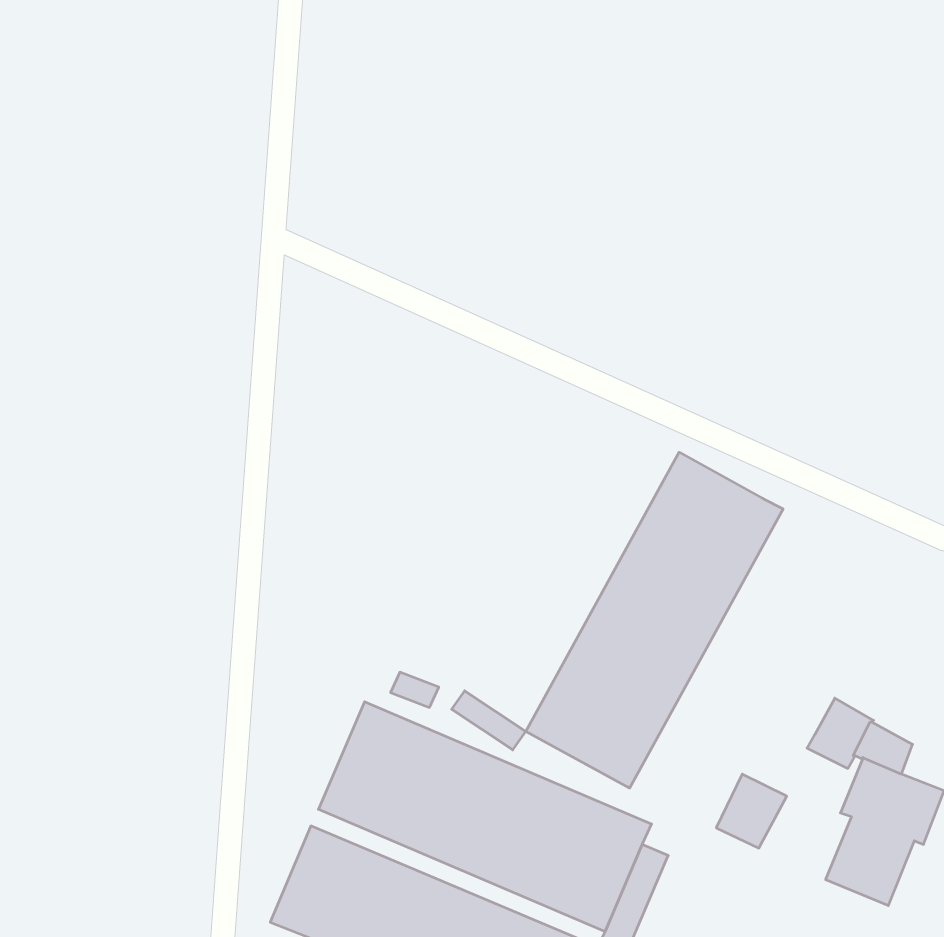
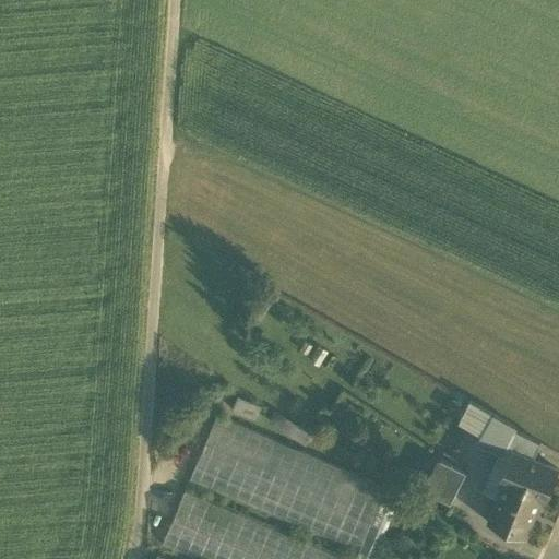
building: [526,452,783,788] -> none
building: none -> [456,404,492,439]

